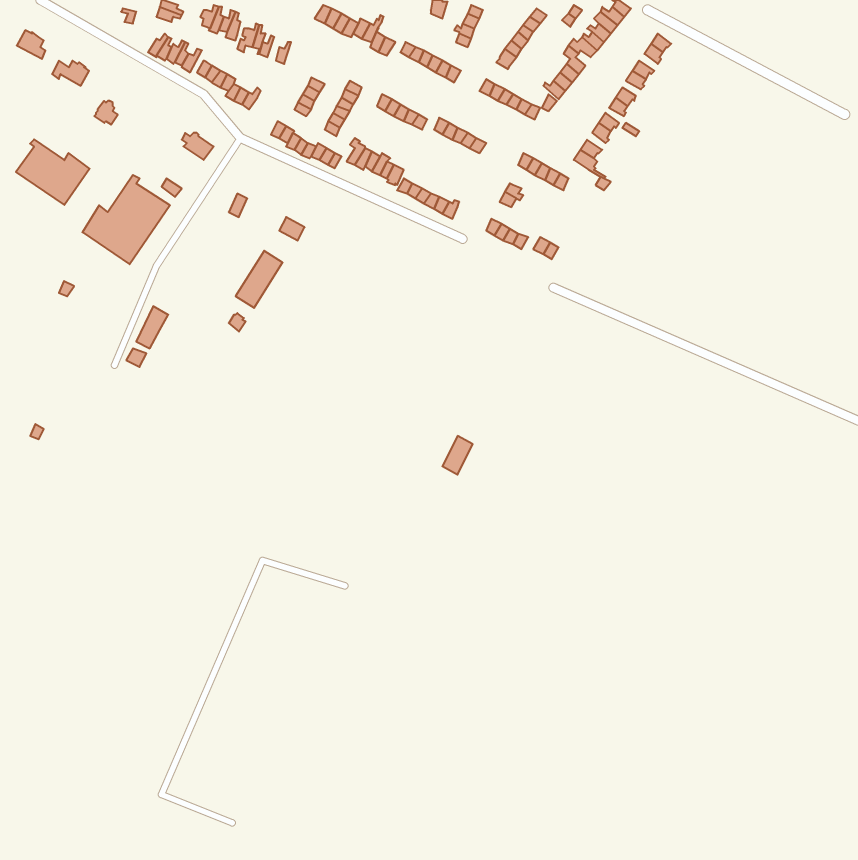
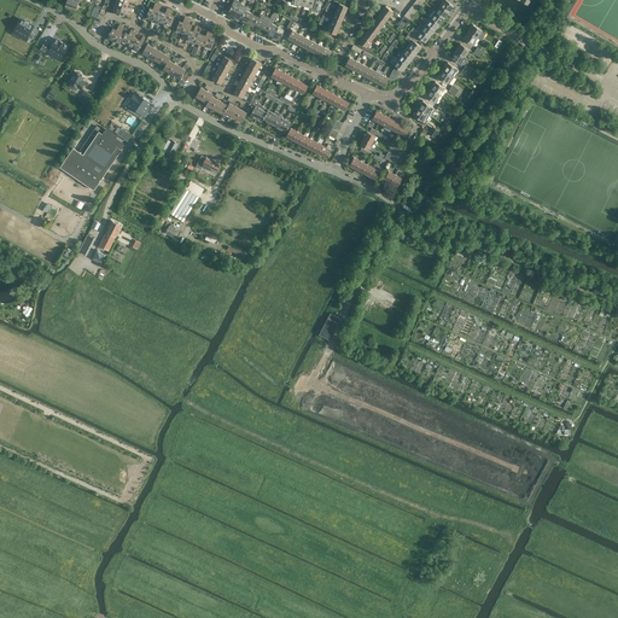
building: [16,139,90,205] -> none

